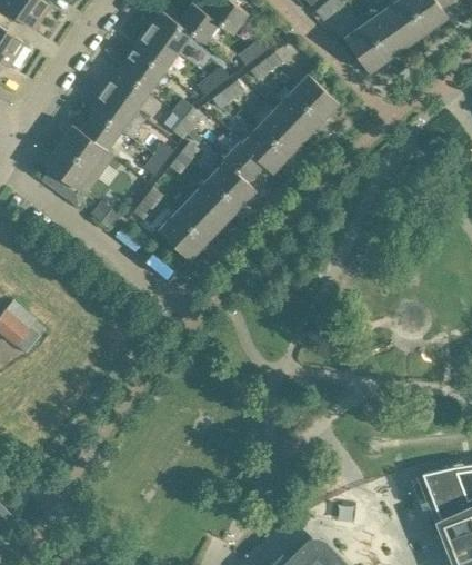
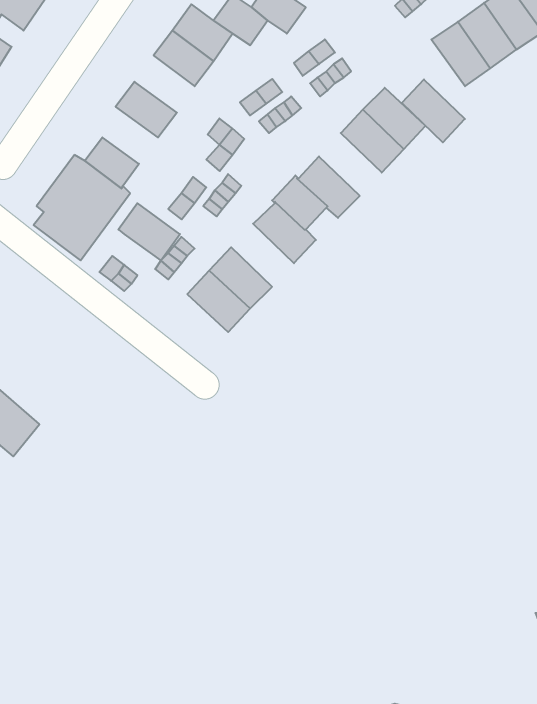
building: [118,50,163,93] -> none
building: [89,89,135,132] -> [118,203,180,260]
building: [258,109,305,157] -> [402,79,465,142]
building: [191,178,239,226] -> none

